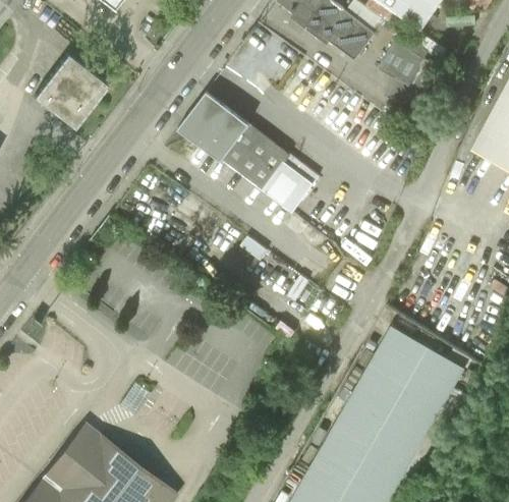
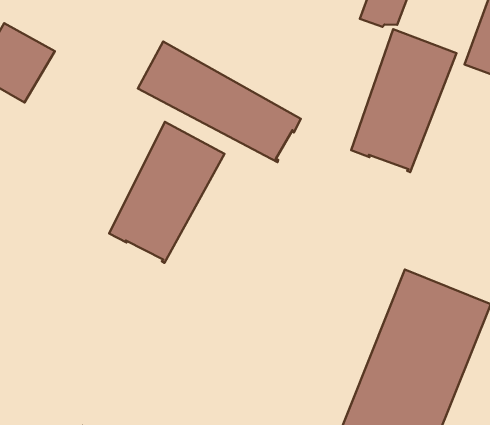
building: none -> [351,29,457,172]
building: none -> [109,122,224,263]

